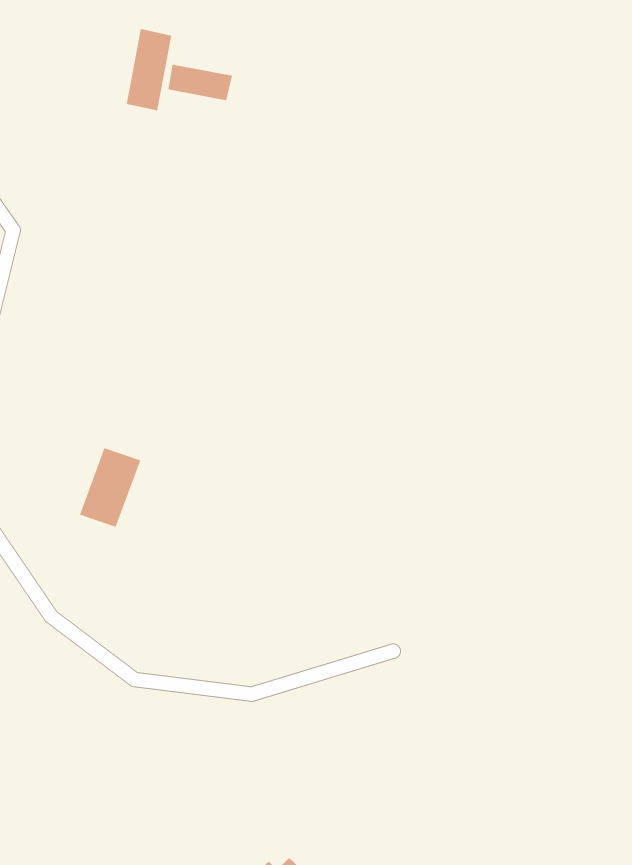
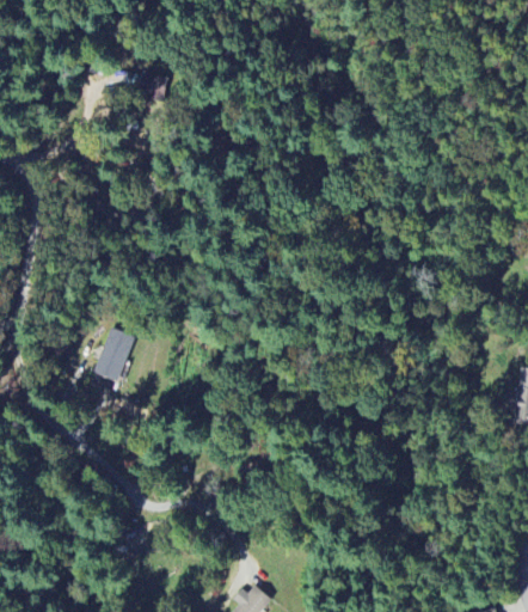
building: [126,28,172,111] -> none

